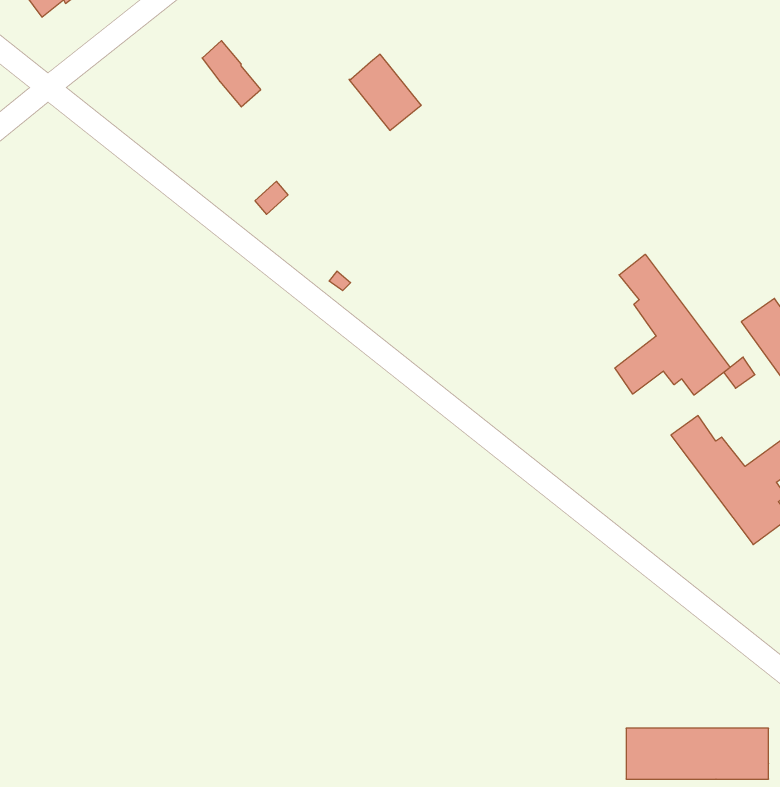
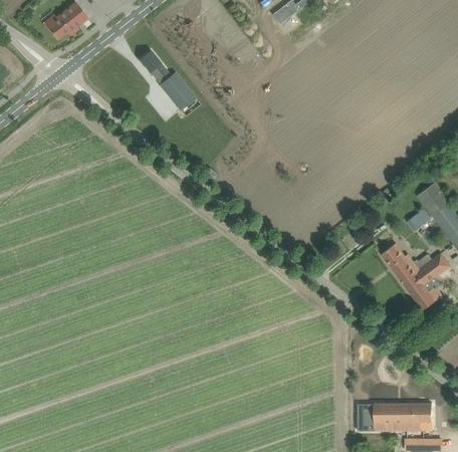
building: [349,54,421,130] -> [159,71,196,110]
building: [615,254,730,395] -> none

